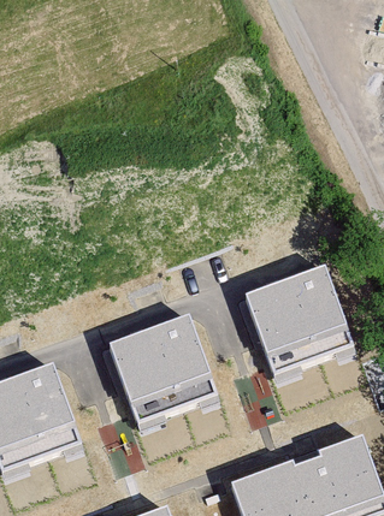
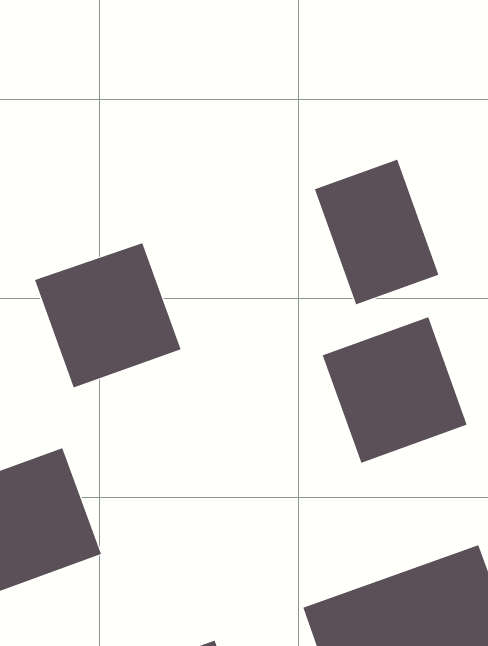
building: none -> [314,159,439,305]
building: [111,315,220,423] -> [34,243,182,388]

